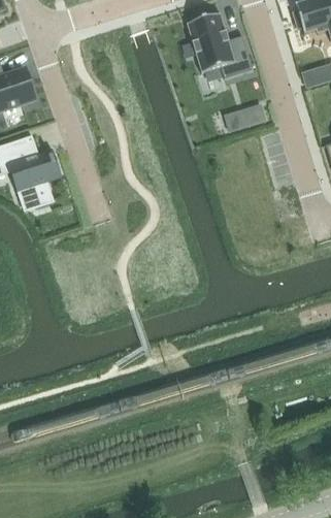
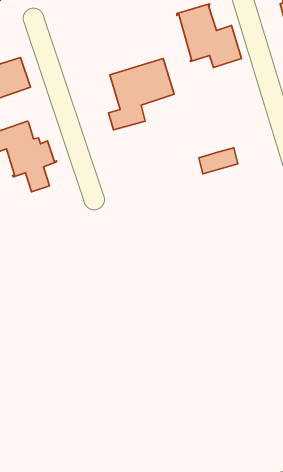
building: none -> [109,59,174,130]
building: [225,104,265,131] -> [199,148,238,174]

